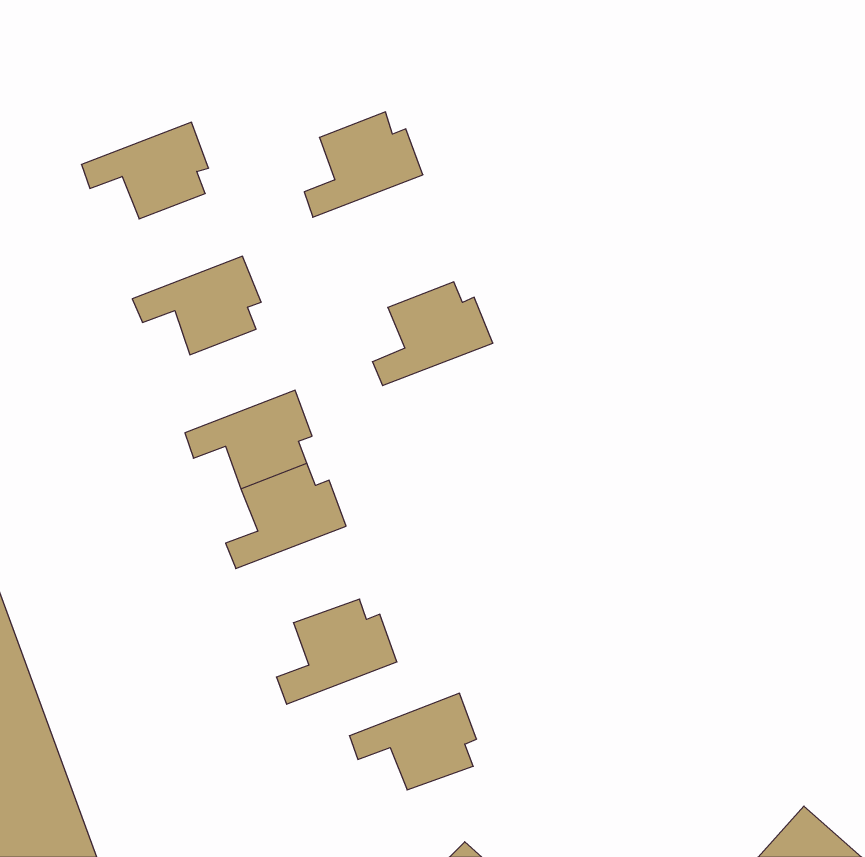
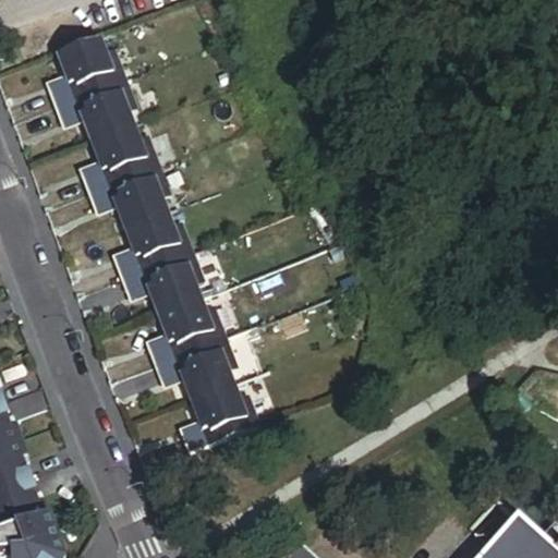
building: none -> [46,37,123,106]
building: [304,112,423,217] -> [80,124,156,192]
building: [372,282,493,386] -> [112,211,190,278]
building: [349,693,477,790] -> [151,338,233,400]

